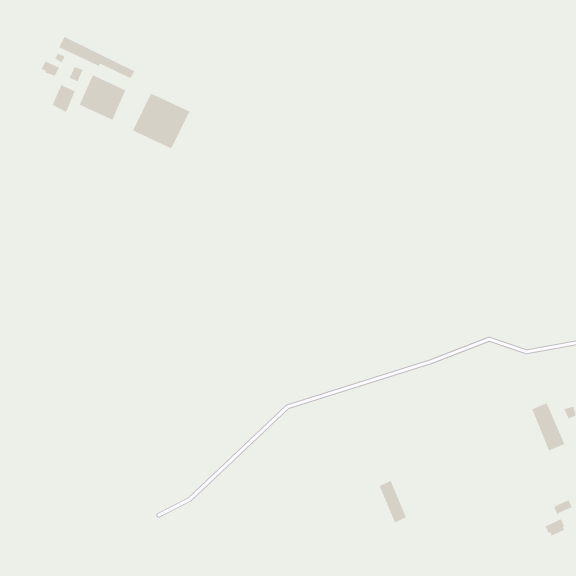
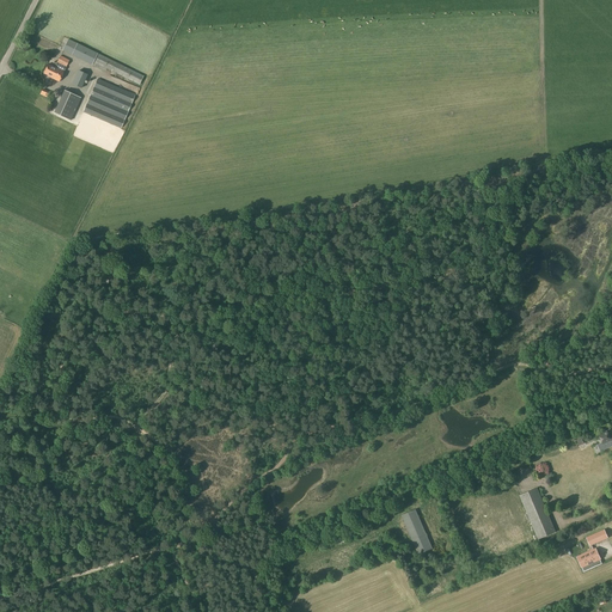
building: [132,93,190,149] -> none
building: [532,403,565,451] -> [520,488,556,539]

